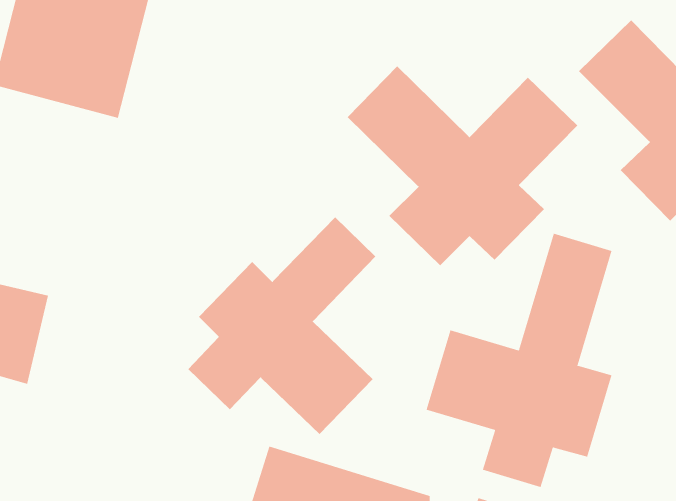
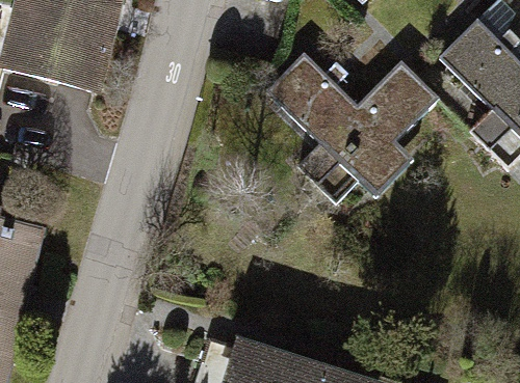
building: [187,217,376,435] -> none
building: [426,233,612,488] -> none

